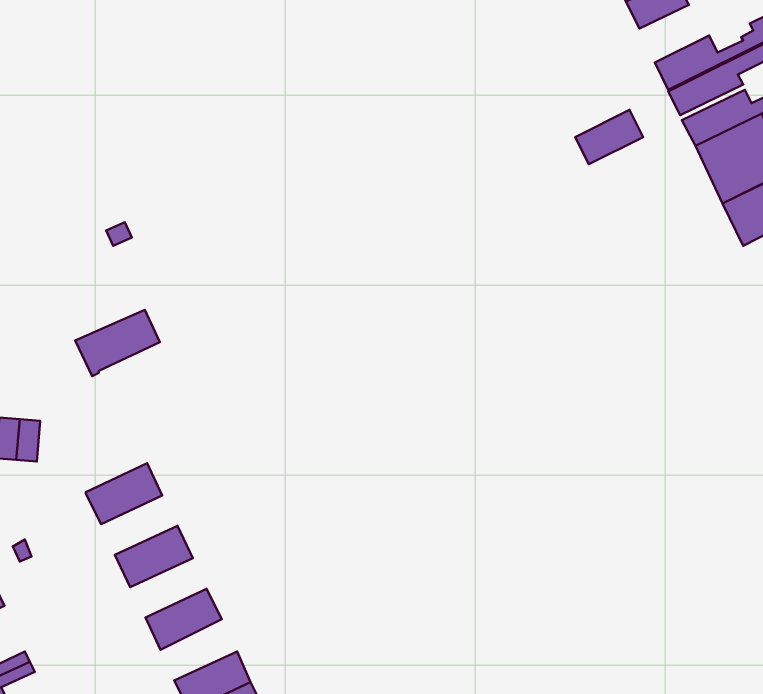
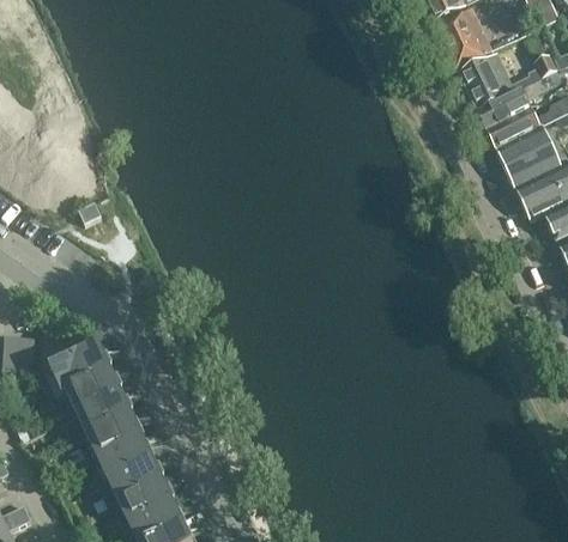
building: [575,110,643,164] -> [459,50,507,89]
building: [75,310,160,376] -> [50,348,110,395]
building: none -> [78,394,132,436]
building: none -> [98,438,152,480]
building: none -> [120,481,174,524]

